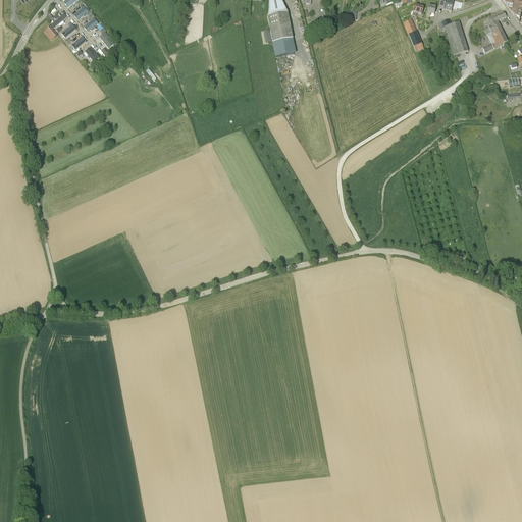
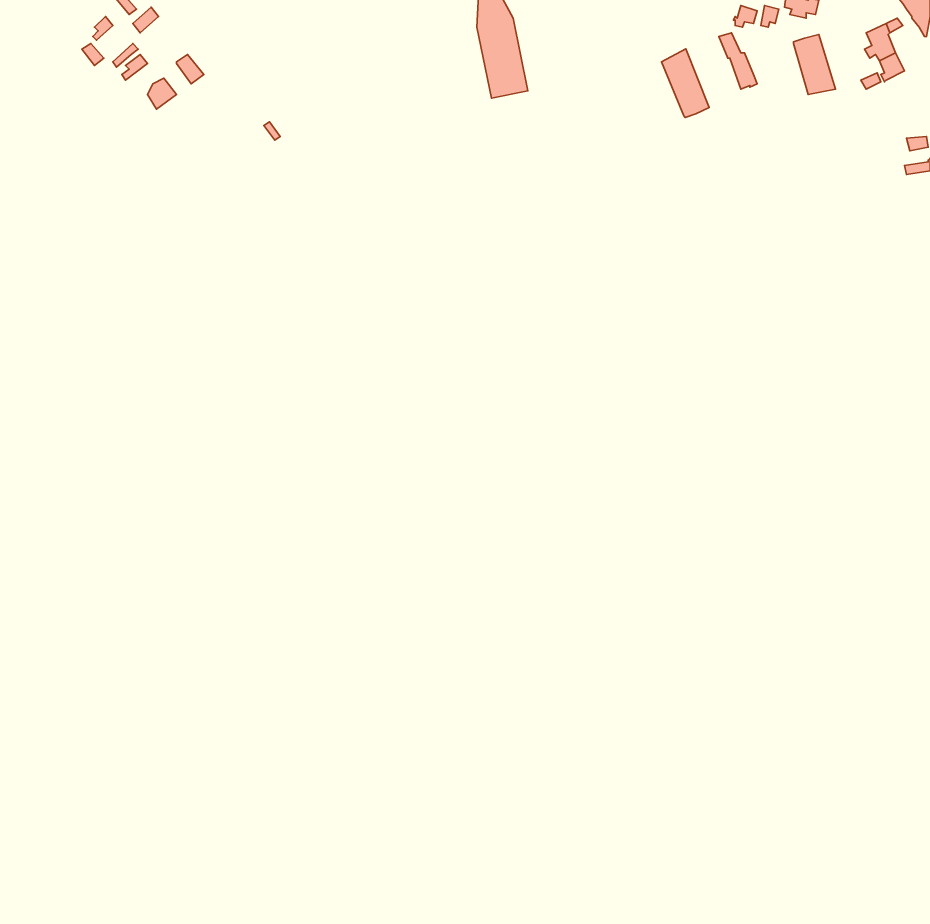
building: none -> [661,49,709,118]

